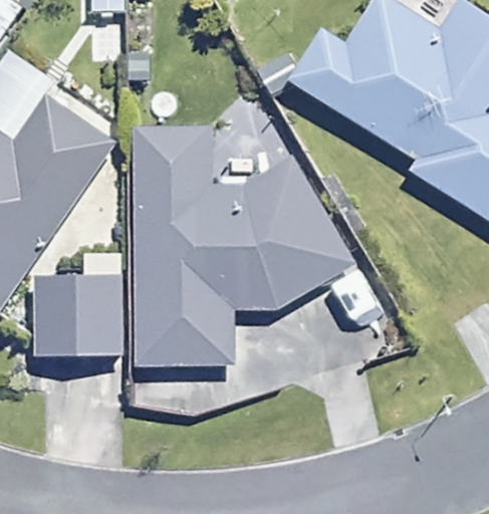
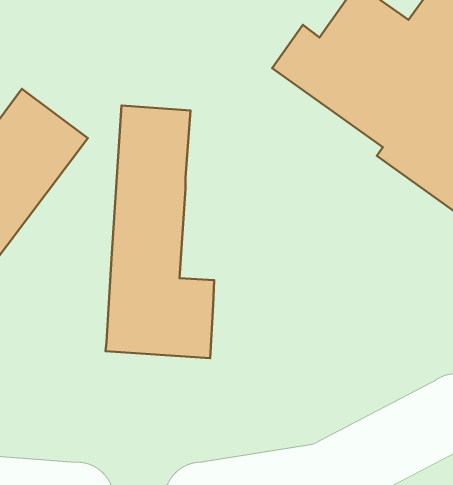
building: [206,158,345,318] -> none
building: [40,265,137,356] -> none

